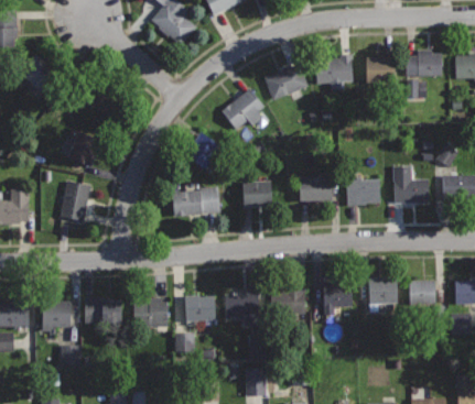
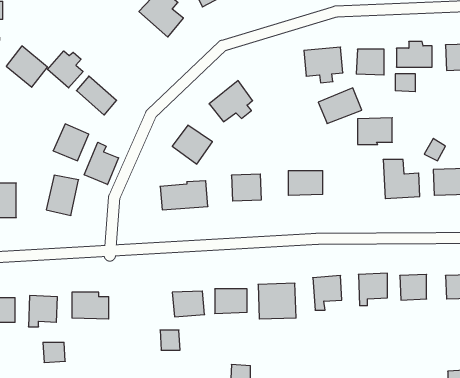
building: none -> [48,51,83,88]
building: [263,64,306,99] -> [318,88,362,124]
building: none -> [84,142,119,185]
building: [346,179,380,206] -> [358,118,392,144]
building: [133,297,168,328] -> none

